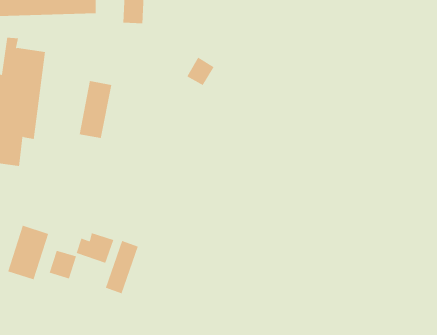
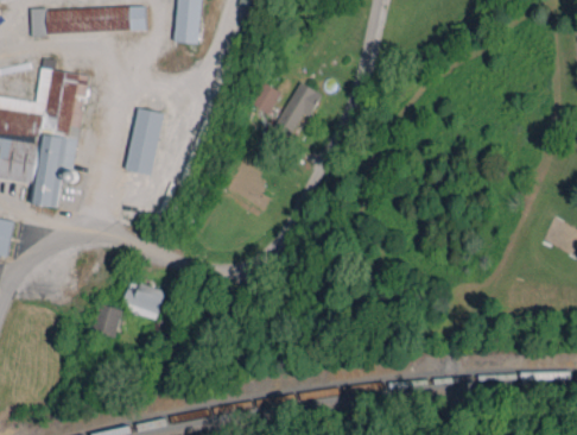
building: none -> [272,82,321,135]
building: [8,225,49,280] -> none
building: [105,240,138,294] -> none

